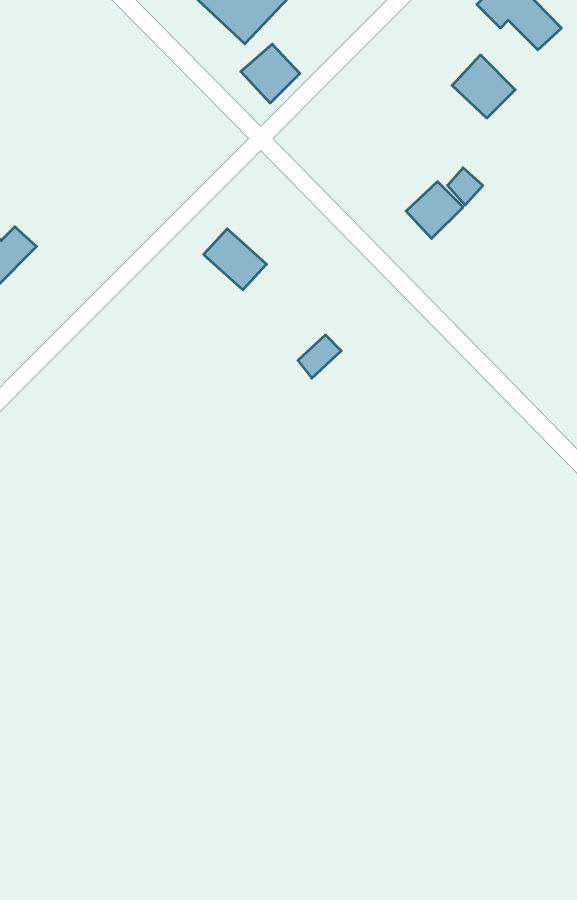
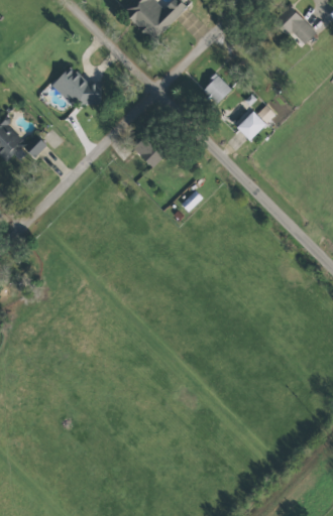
building: [241,44,300,103] -> [202,74,232,104]
building: [452,55,515,118] -> none
building: none -> [52,66,98,106]

